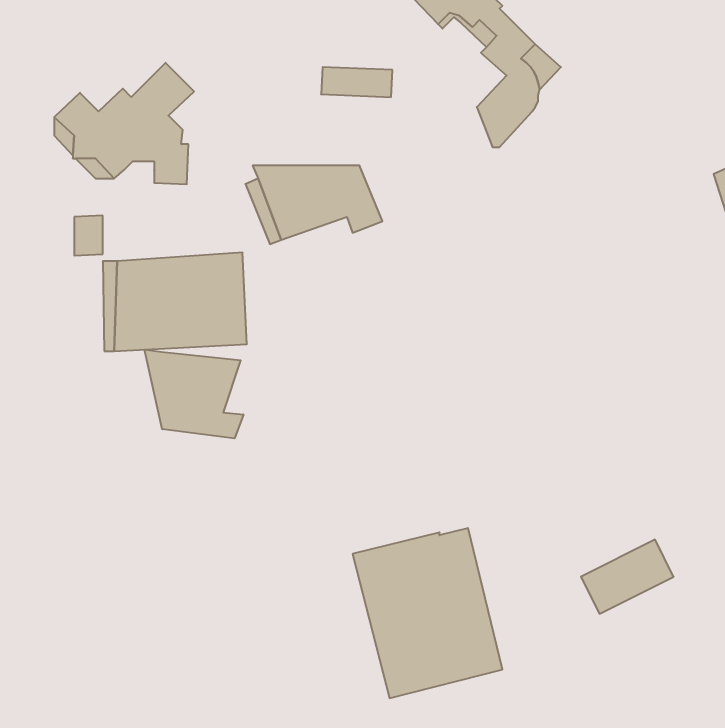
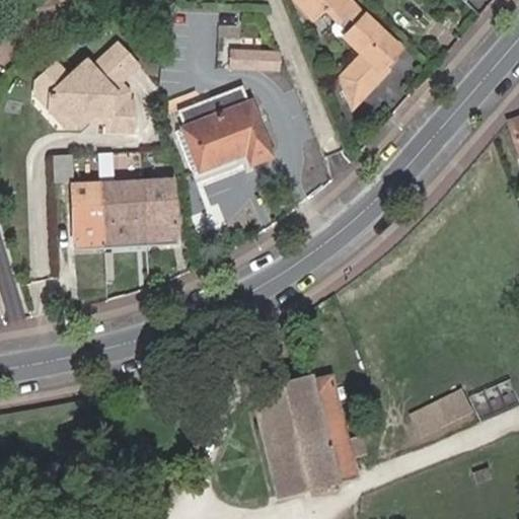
building: none -> [180,87,258,118]
building: [145,350,243,438] -> none

